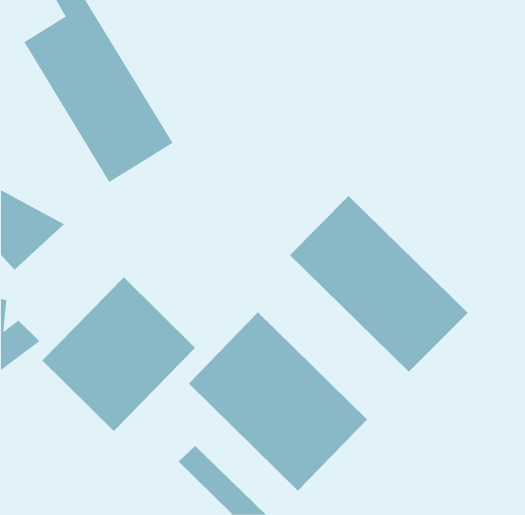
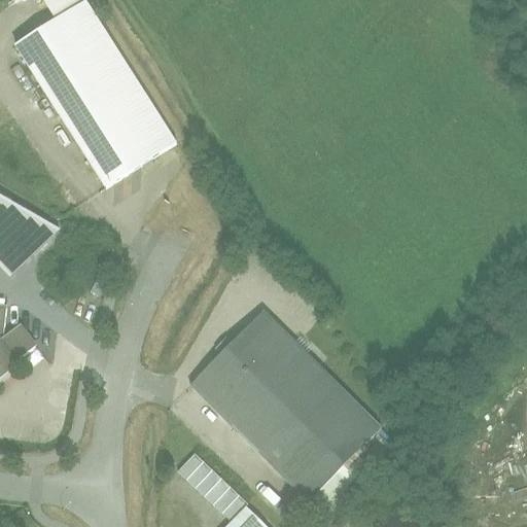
building: [289,195,468,373] -> none
building: [42,277,196,432] -> none

